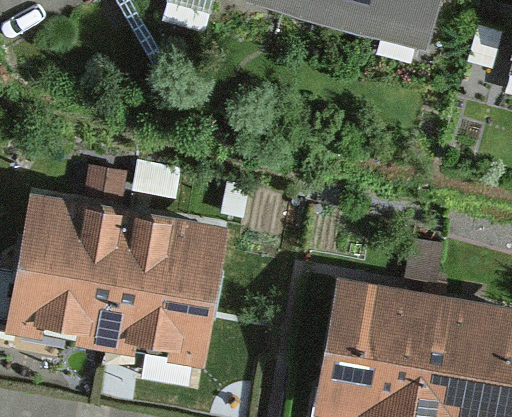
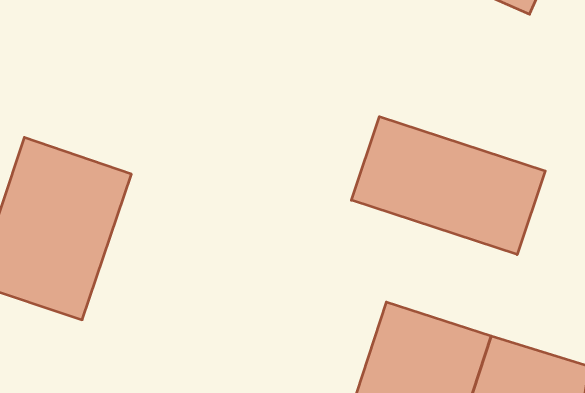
building: none -> [351,117,545,255]
building: [104,216,214,353] -> none

